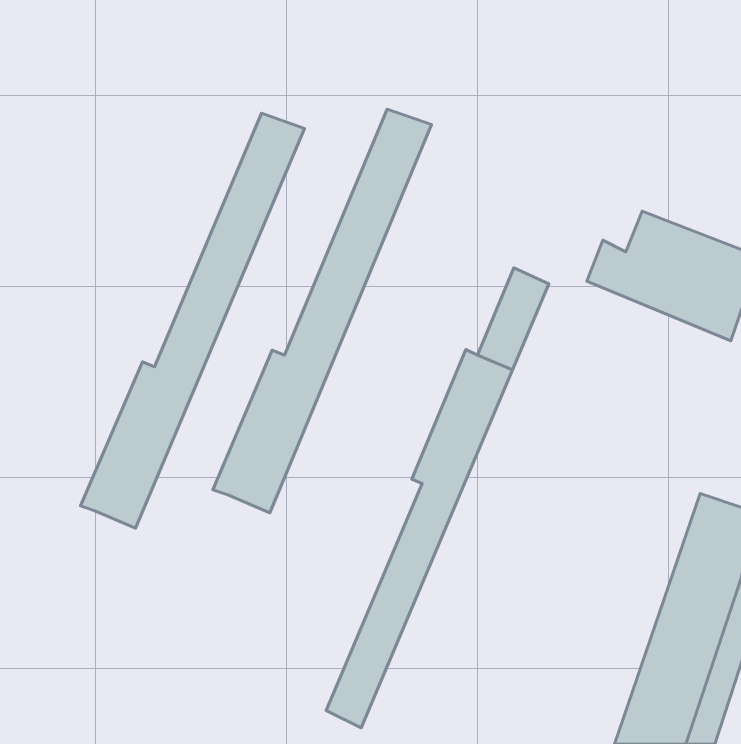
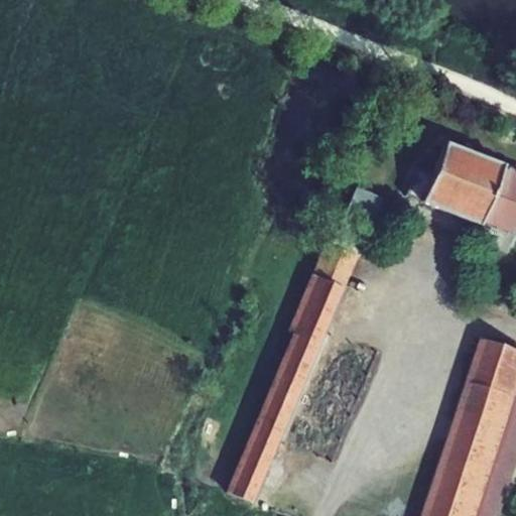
building: [213,109,431,513] -> none
building: [81,113,305,528] -> none

